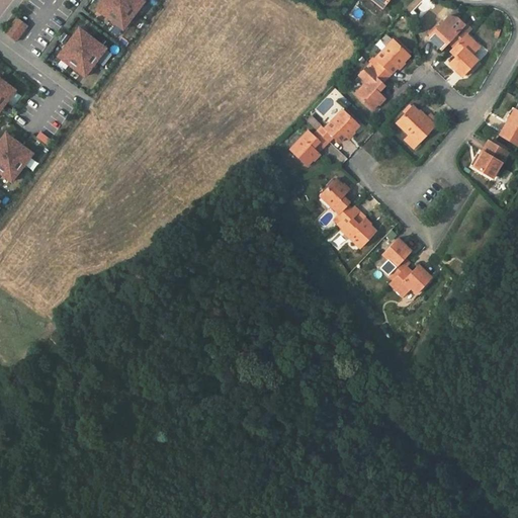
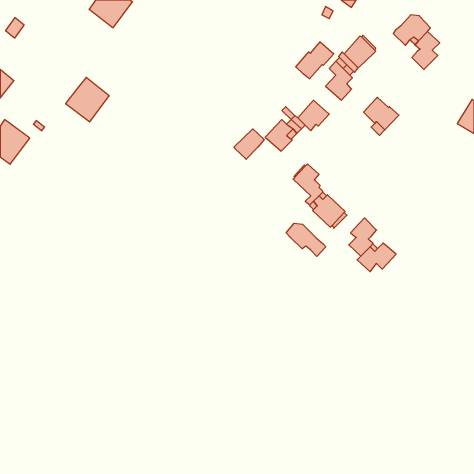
building: [58,29,105,78] -> [66,77,109,122]
building: none -> [296,42,334,79]
building: [472,140,508,178] -> none
building: none -> [234,129,264,159]
building: none -> [286,223,326,256]

